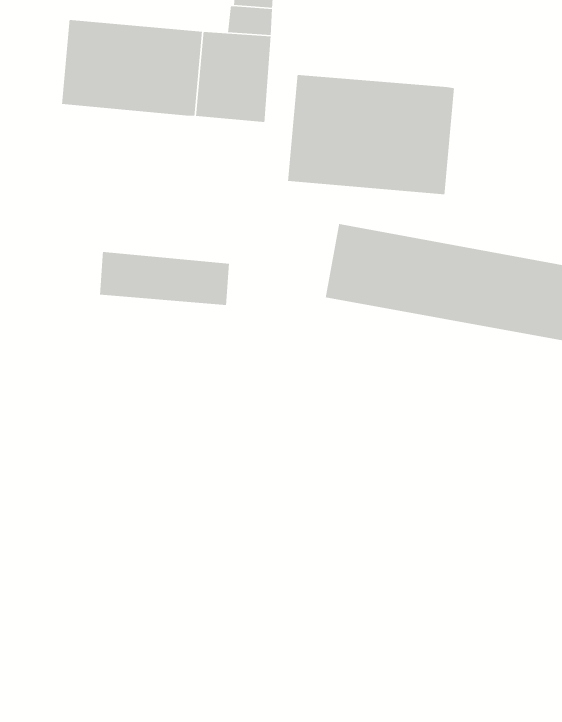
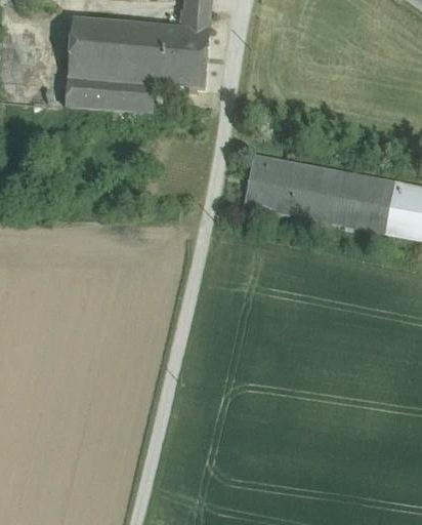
building: [287,74,455,195] -> none
building: [99,251,230,306] -> [66,75,154,112]

